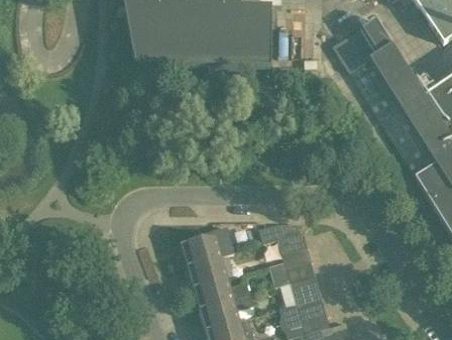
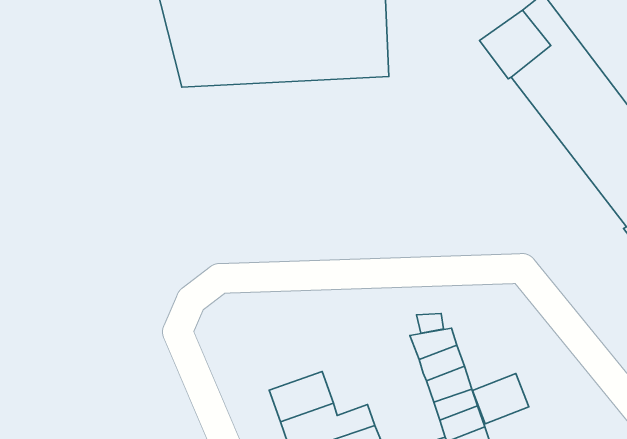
building: [176,231,230,266] -> none
building: none -> [472,374,529,424]

